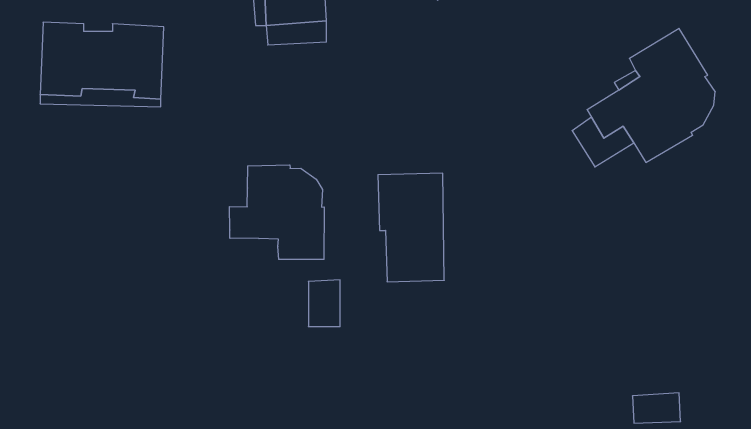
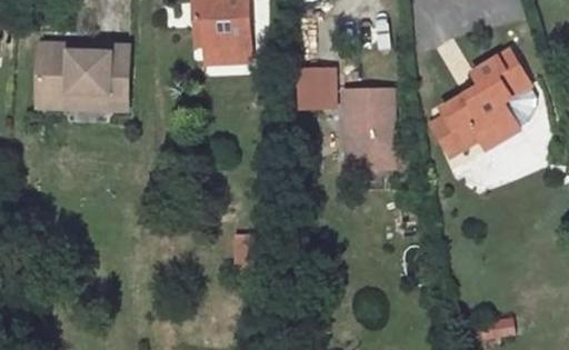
building: none -> [300,68,333,107]
building: [229,165,324,259] -> none
building: [378,173,444,282] -> [345,88,393,168]

